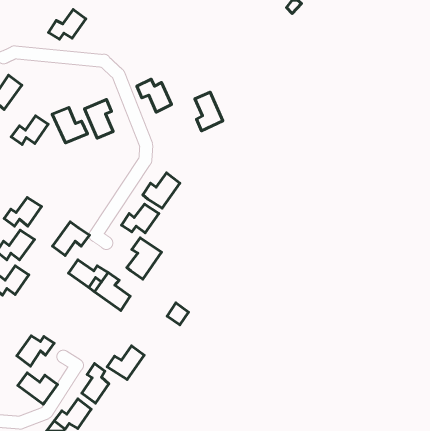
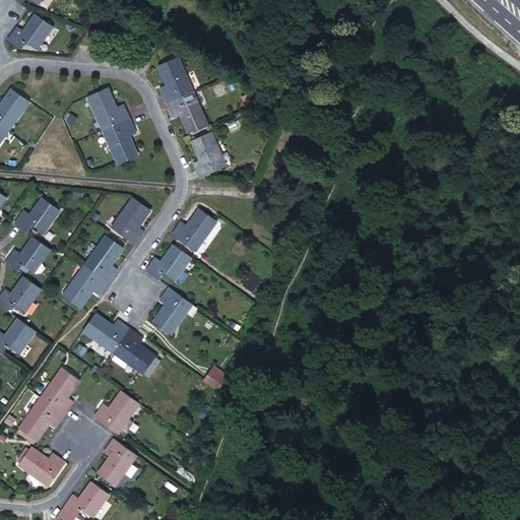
building: [49,10,86,39] -> [5,15,50,51]
building: none -> [155,57,190,104]
building: [195,92,223,131] -> [190,131,223,178]
building: [52,108,87,143] -> [85,88,128,131]
building: [11,116,48,144] -> [13,199,58,234]
building: none -> [112,198,150,246]
building: none -> [89,236,123,283]
building: none -> [43,367,81,413]
building: [107,346,144,380] -> [93,390,138,431]

